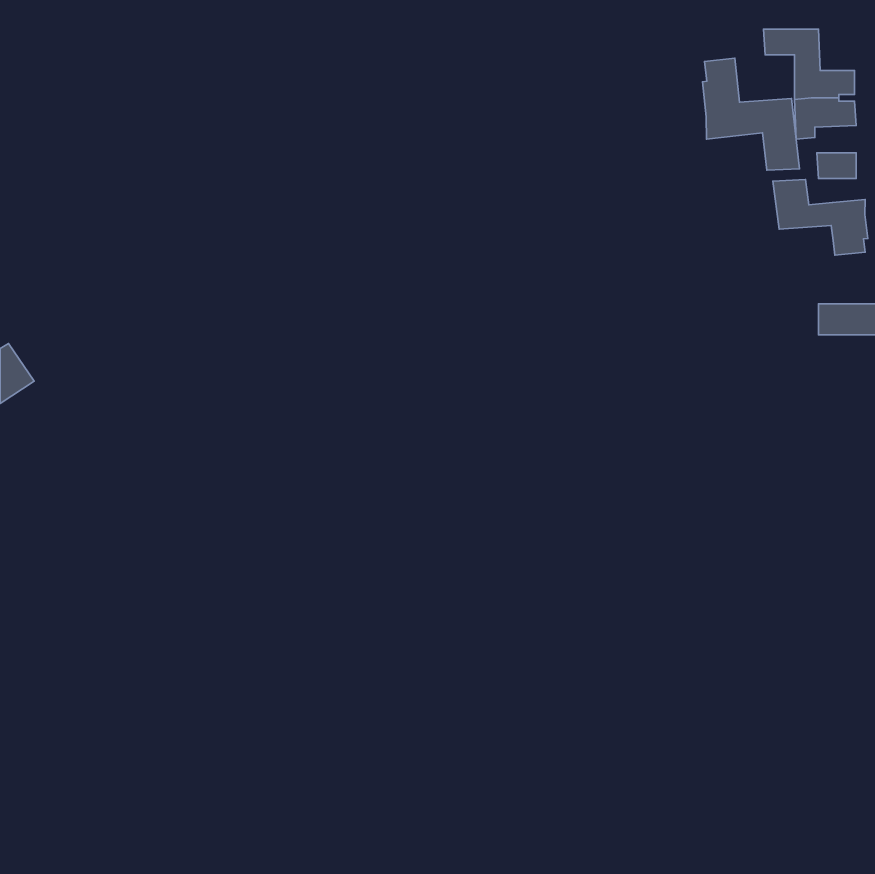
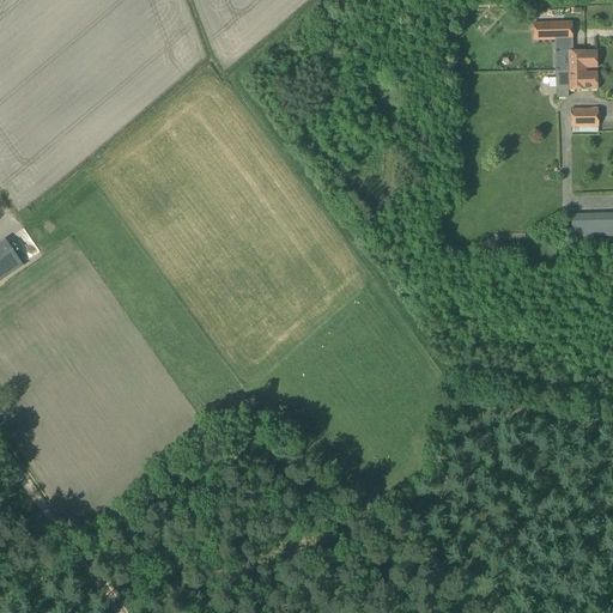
building: [702,58,799,170] -> none
building: [773,180,868,255] -> none

